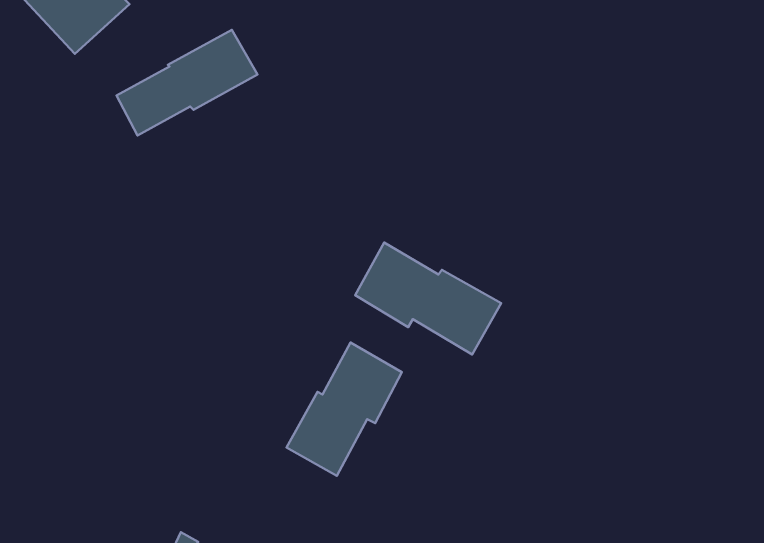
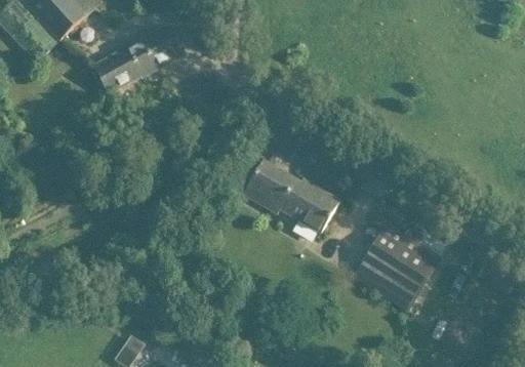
building: none -> [354,221,439,305]
building: [286,343,402,476] -> none

